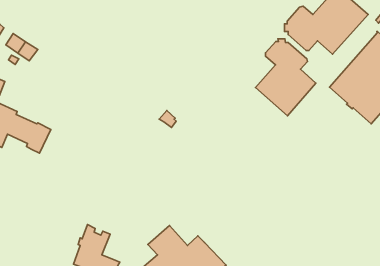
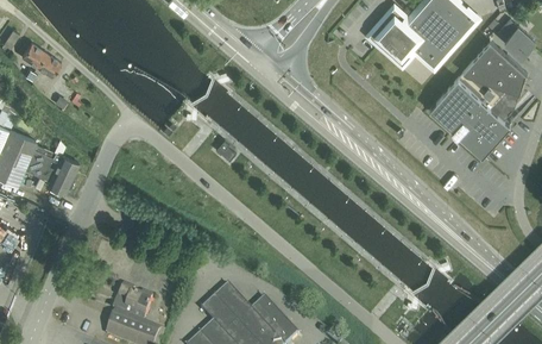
building: [256,39,316,116] -> none

